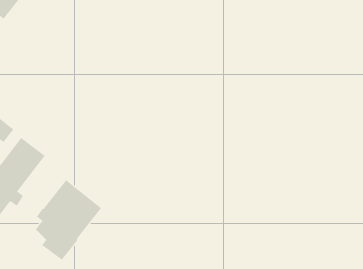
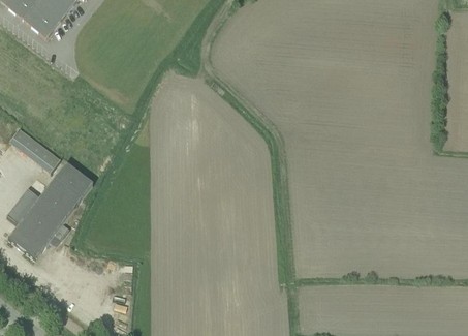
building: [35,179,102,260] -> none

